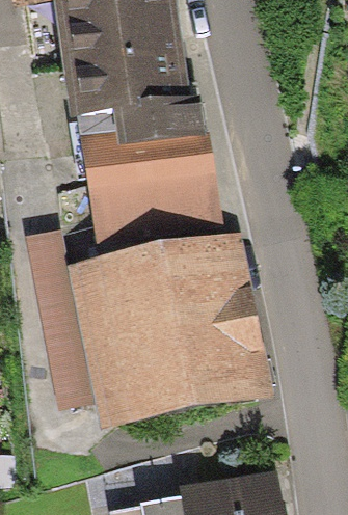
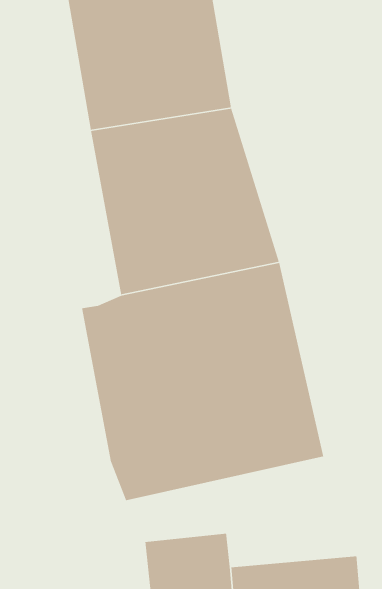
building: [27,234,92,405] -> none

